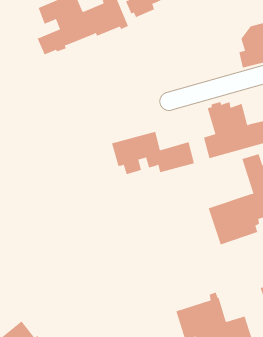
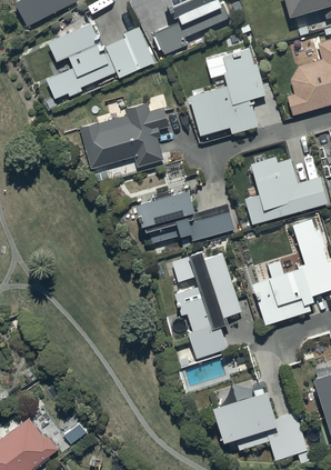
building: none -> [188,49,267,136]
building: none -> [80,103,170,170]
building: none -> [172,252,241,360]

